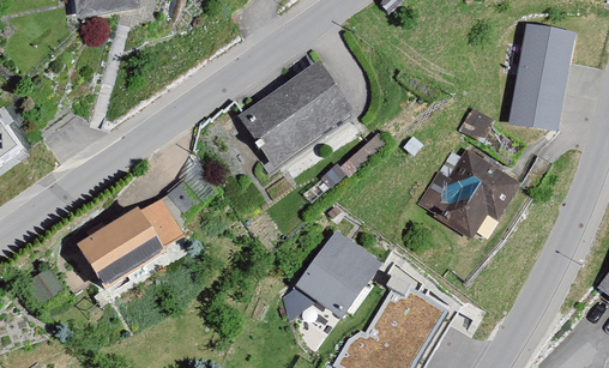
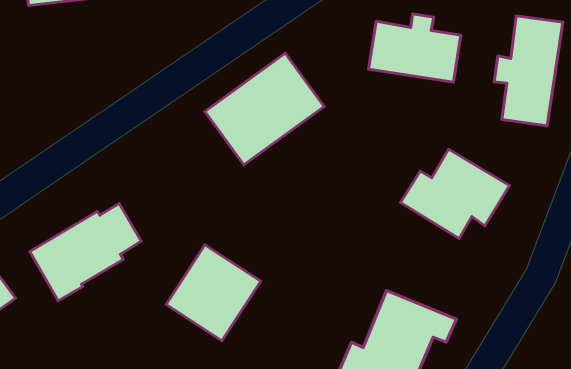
building: none -> [368,14,461,82]
building: [294,230,381,319] -> [166,245,261,341]

